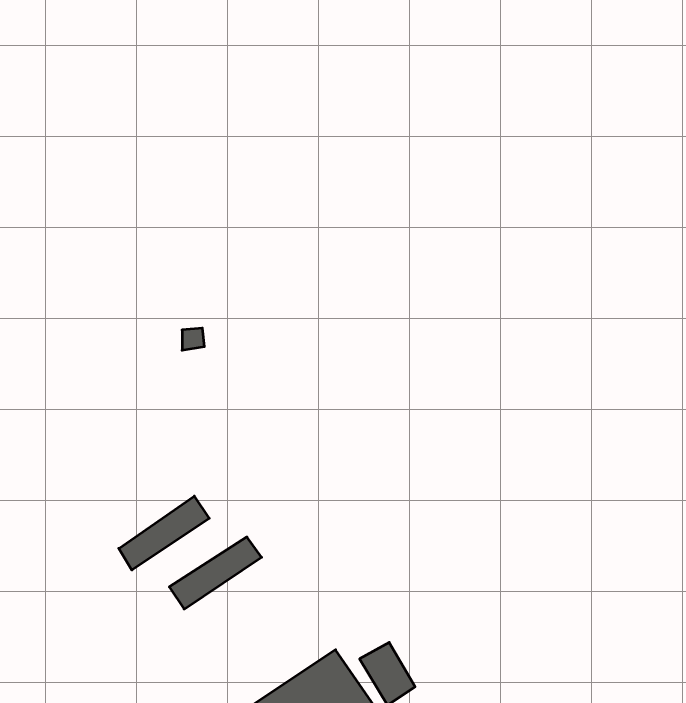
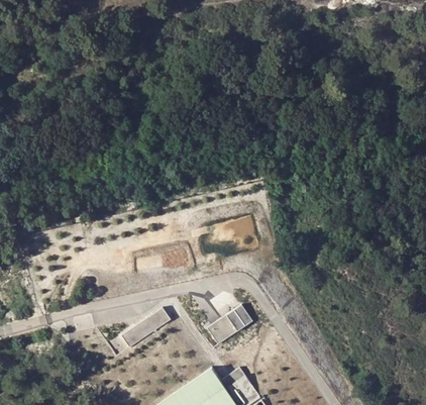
building: [119,496,209,570] -> none
building: none -> [206,304,251,343]

